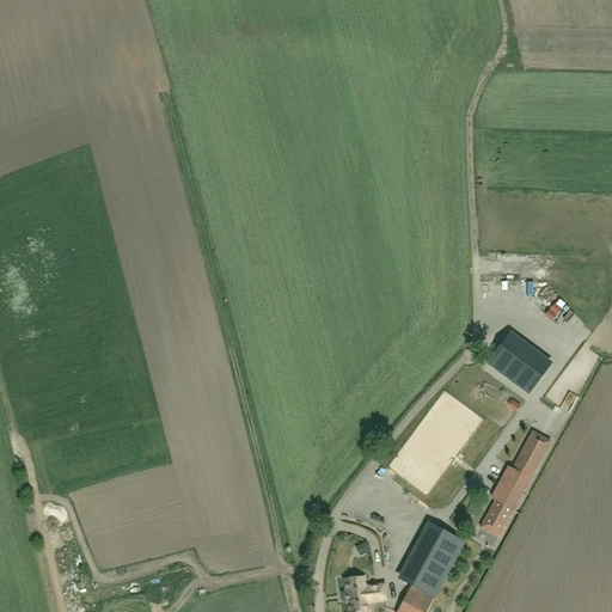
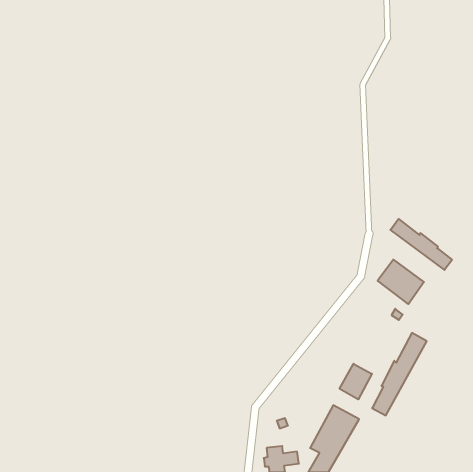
building: none -> [390,219,452,270]
building: none -> [340,364,372,399]

